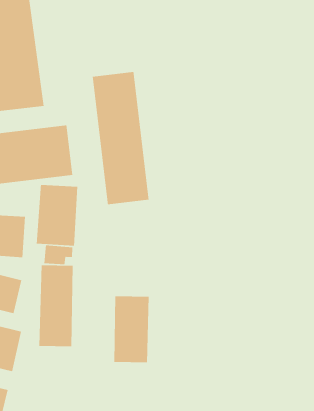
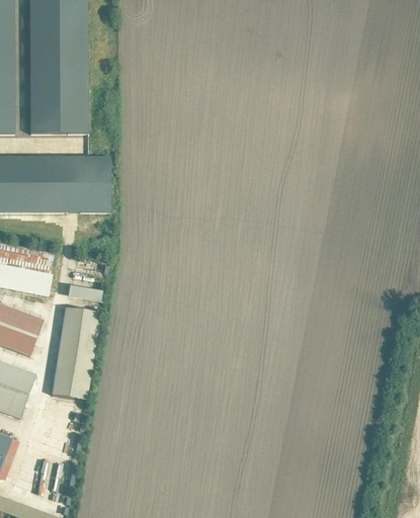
building: [92,71,149,205] -> none
building: [36,184,78,247] -> none
building: [114,296,149,363] -> none

